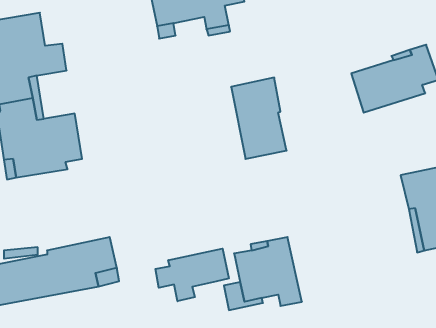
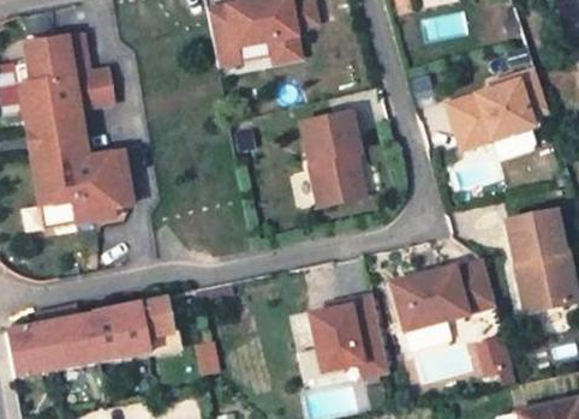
building: none -> [390,261,494,333]
building: [155,249,229,301] -> none
building: none -> [473,336,513,376]

